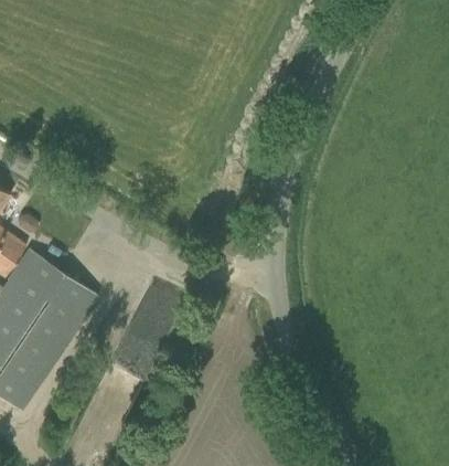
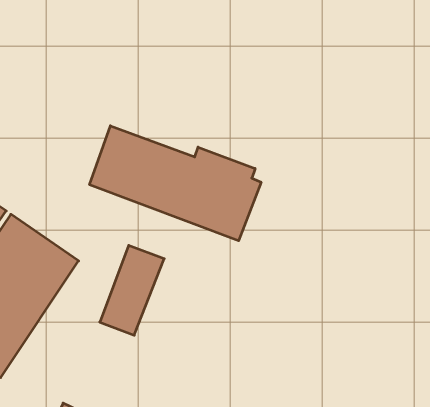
building: none -> [90,126,261,241]

